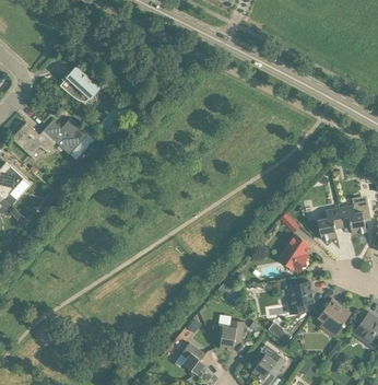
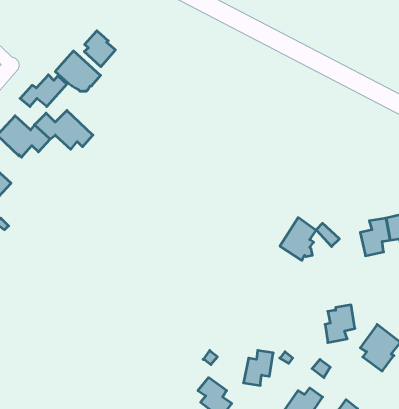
building: none -> [84,31,115,67]
building: none -> [20,75,67,107]
building: [279,234,309,270] -> [280,218,316,260]

